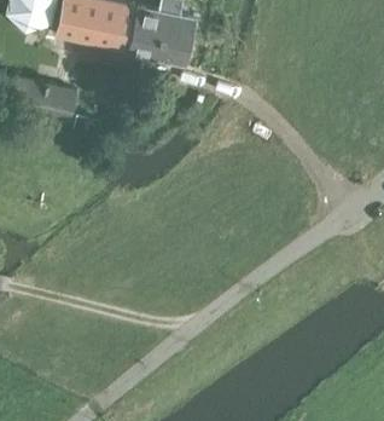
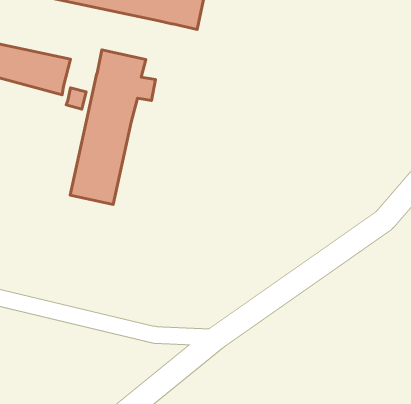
building: none -> [70,50,155,205]

